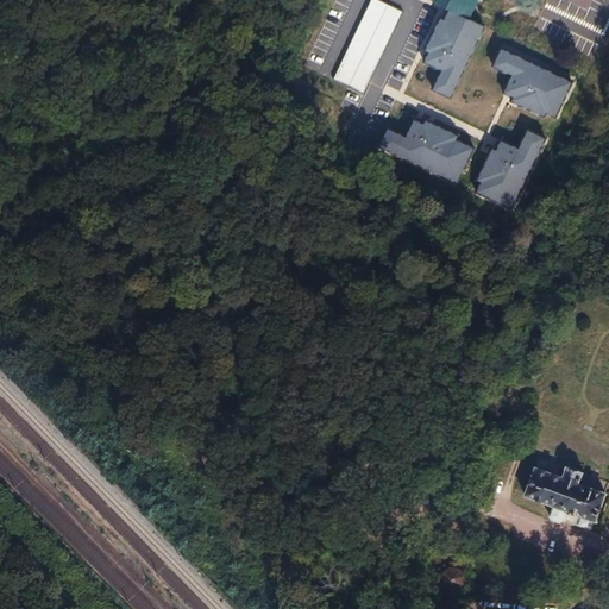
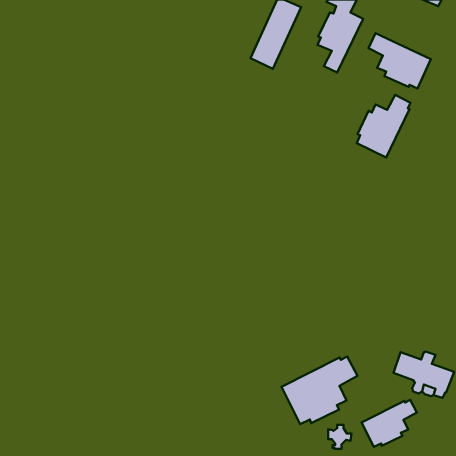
building: [376,119,473,186] -> none
building: none -> [281,357,358,424]
building: none -> [362,400,417,447]

